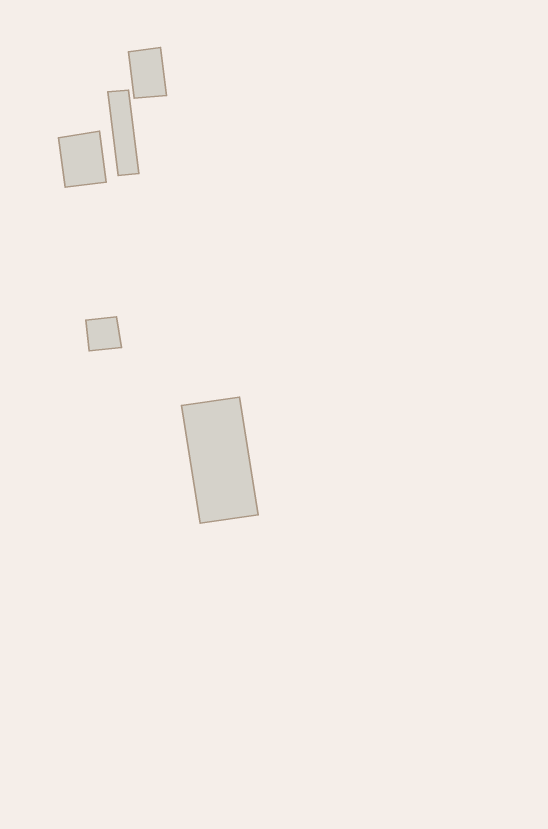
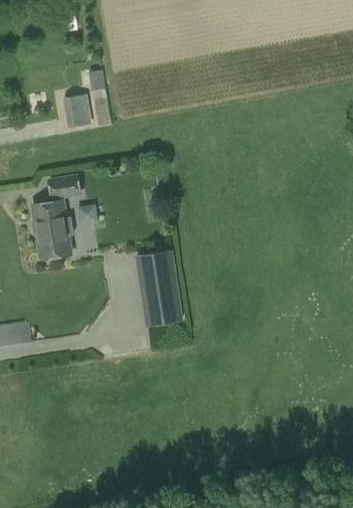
building: [129,48,166,98] -> none
building: none -> [32,174,80,259]

